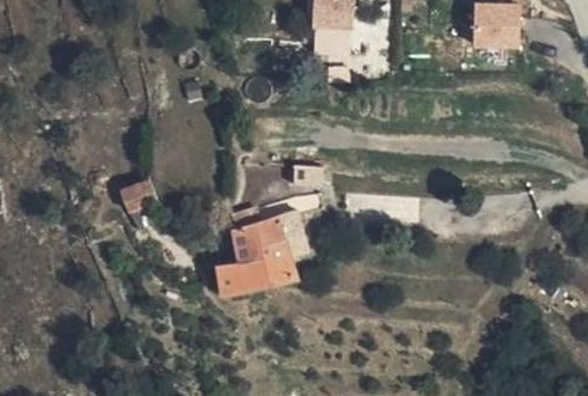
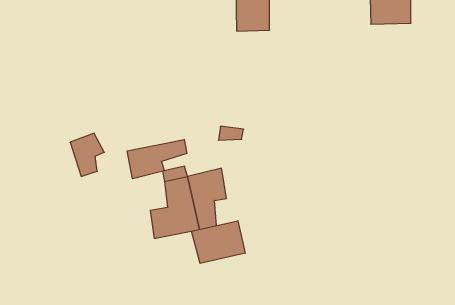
building: none -> [127,139,187,179]
building: none -> [192,221,245,263]

